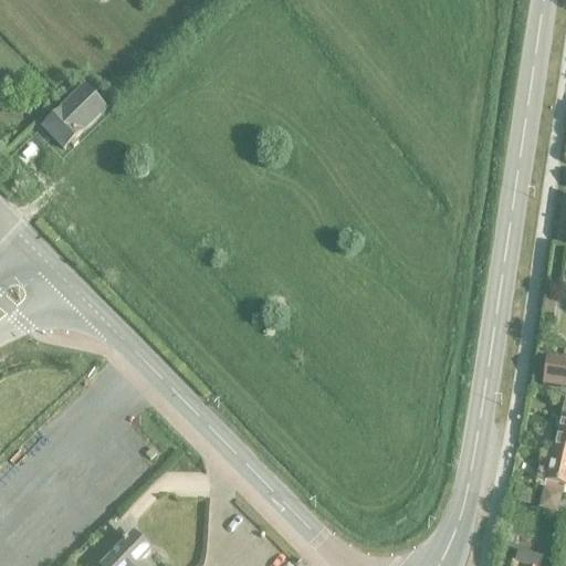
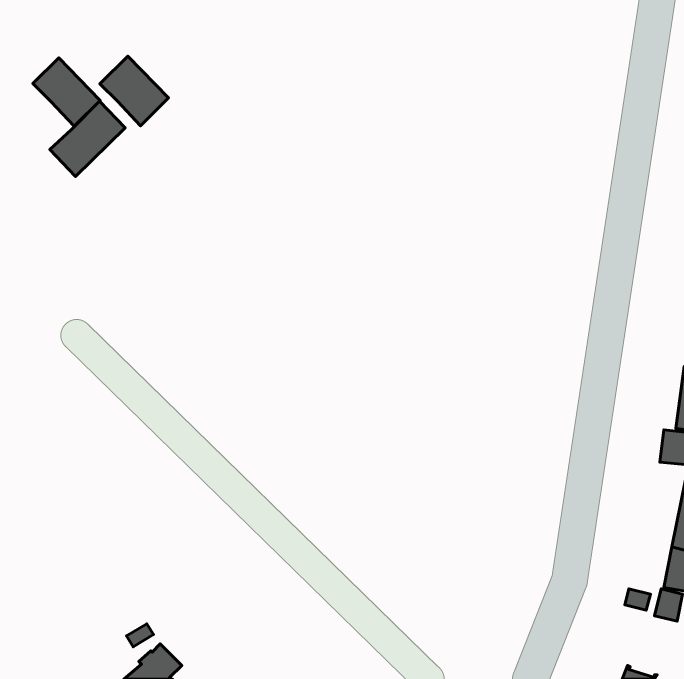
building: none -> [100,56,169,126]
building: none -> [33,58,100,126]

